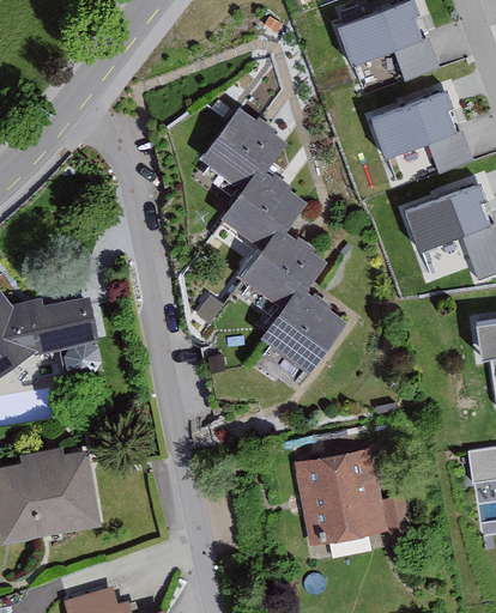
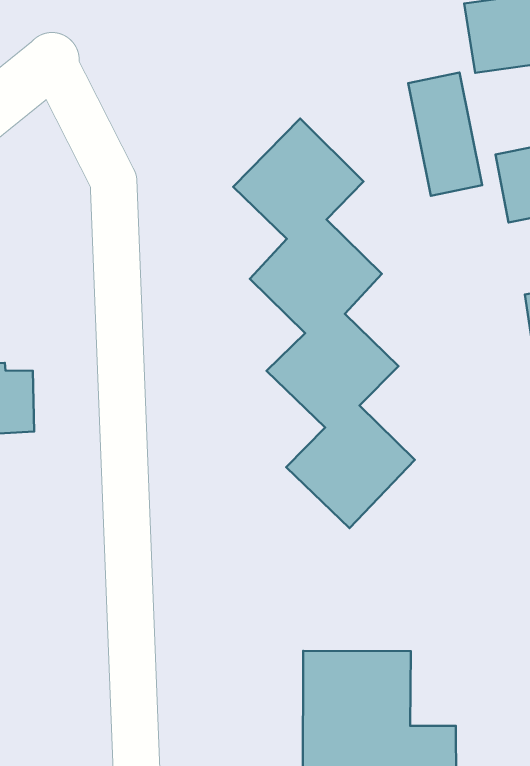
building: none -> [408,72,482,196]

